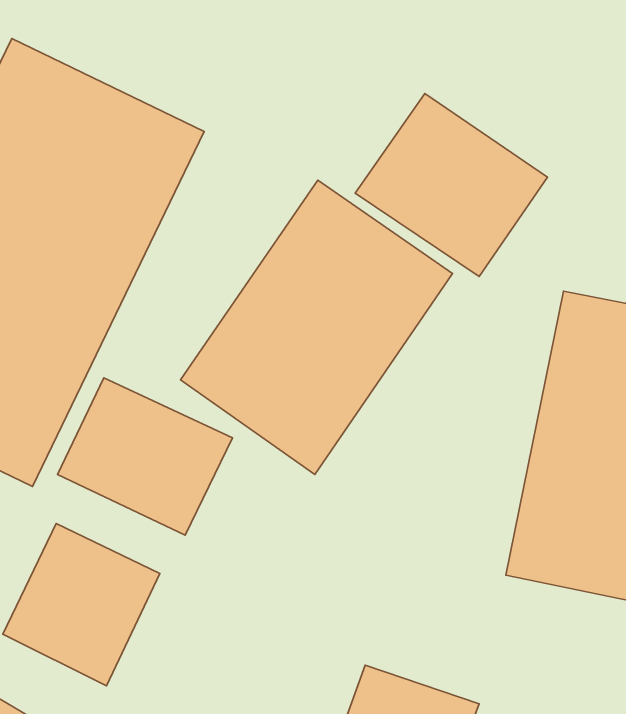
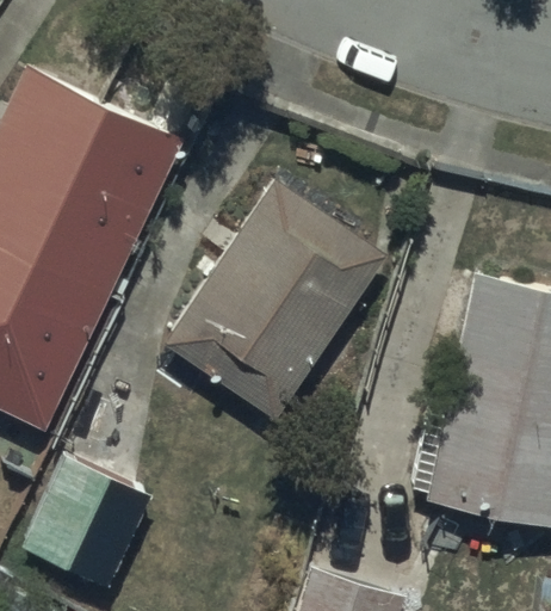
building: [355,93,548,276] -> none
building: [58,378,233,535] -> none

